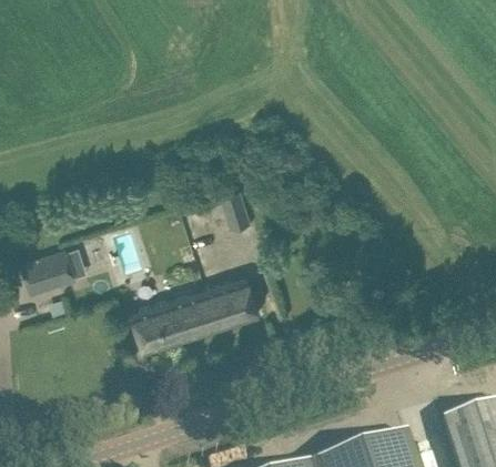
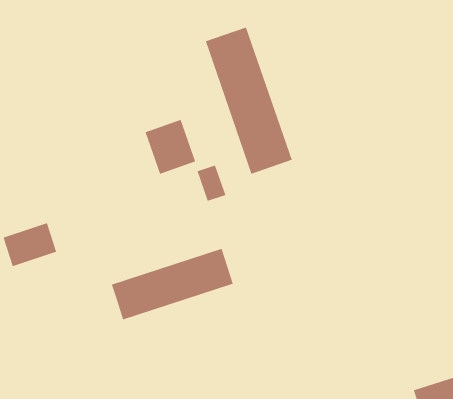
building: none -> [205,26,293,175]
building: none -> [145,119,196,175]

